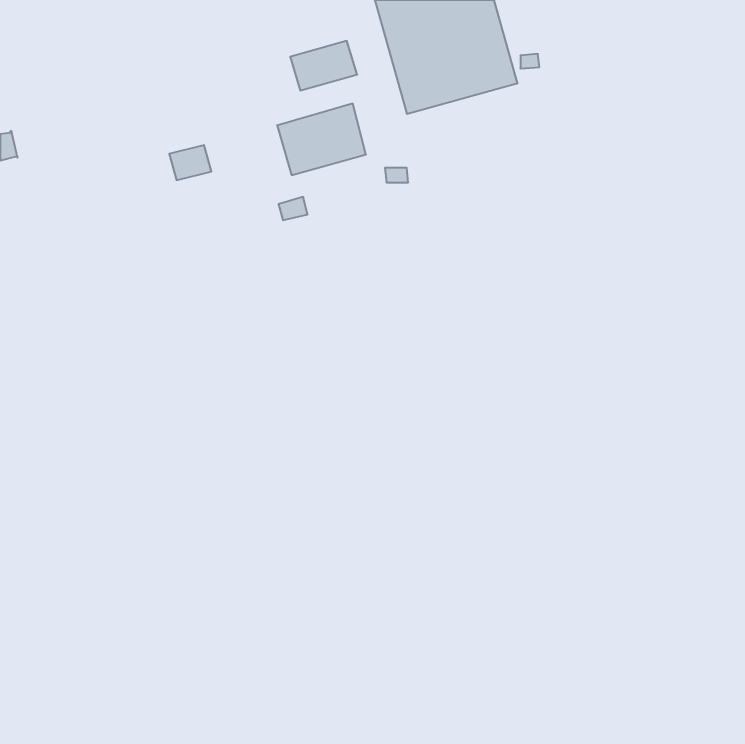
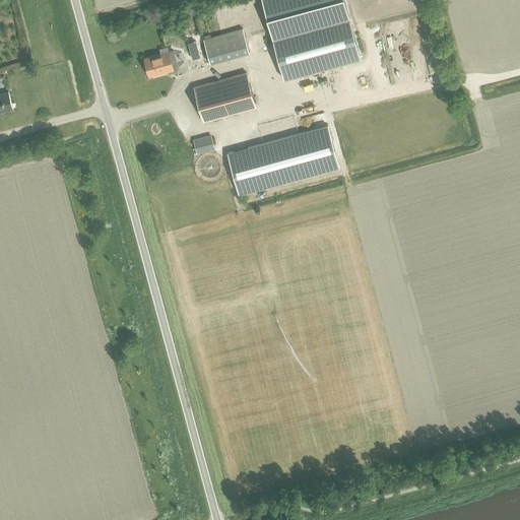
building: [169,145,211,180] -> [143,53,173,77]
building: none -> [228,127,338,195]

